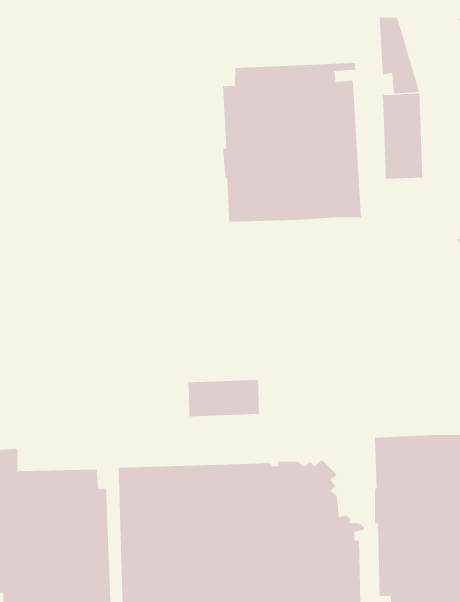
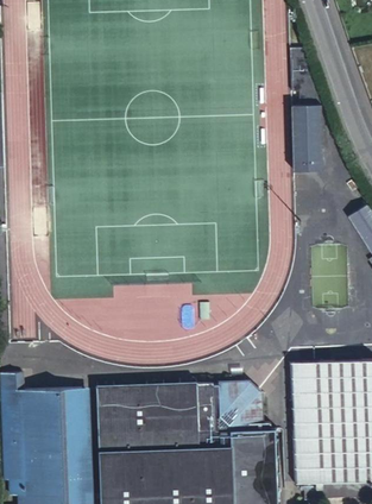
building: [222,62,362,222] -> none
building: [187,379,260,417] -> none

